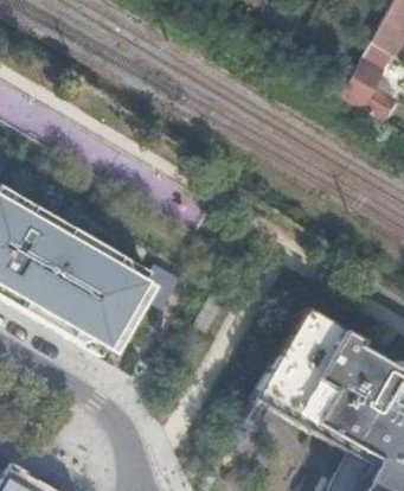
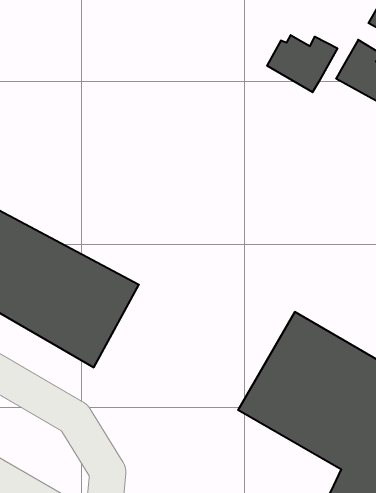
building: none -> [267,35,337,92]

